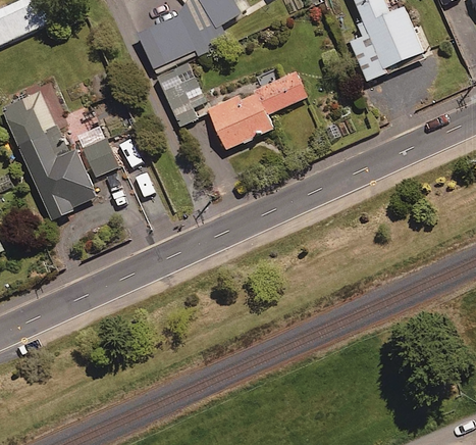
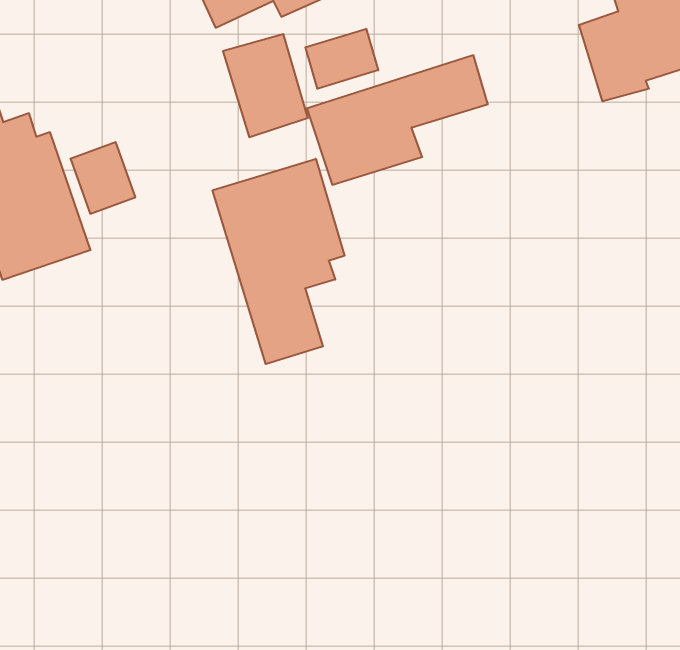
building: none -> [305,29,378,89]
building: none -> [213,159,345,364]

